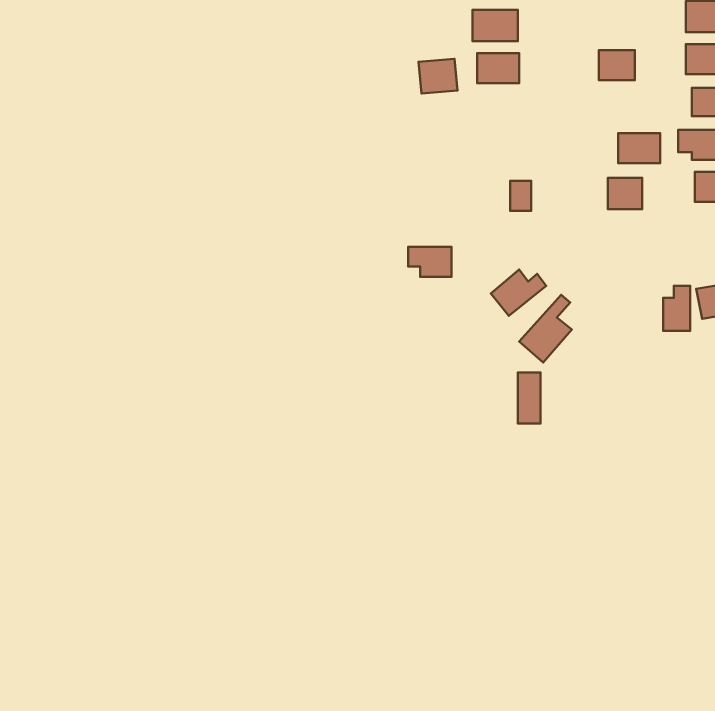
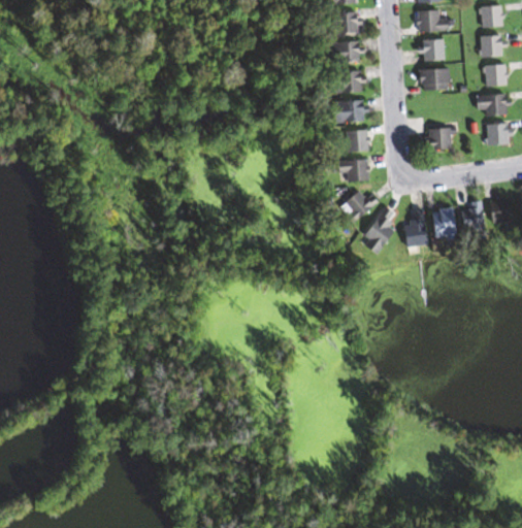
building: none -> [416,10,446,31]
building: [418,59,457,93] -> [341,68,368,92]
building: [618,133,660,163] -> [419,68,448,89]
building: none -> [339,100,369,120]
building: [408,247,452,277] -> [342,159,372,179]
building: none -> [429,209,454,235]
building: [518,372,540,423] -> [410,209,425,244]

